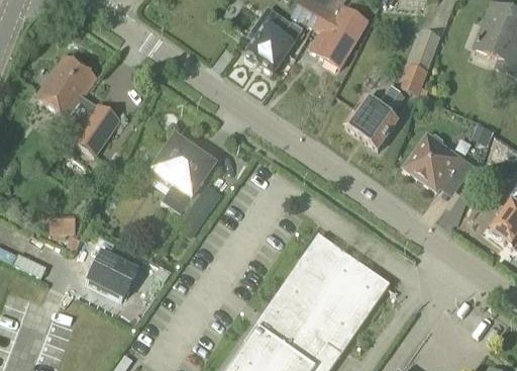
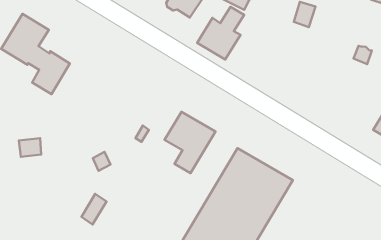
building: [345,81,406,146] -> [197,7,244,60]
building: [405,131,473,188] -> none
building: [151,134,215,211] -> [165,112,215,173]
building: [86,250,137,297] -> none

